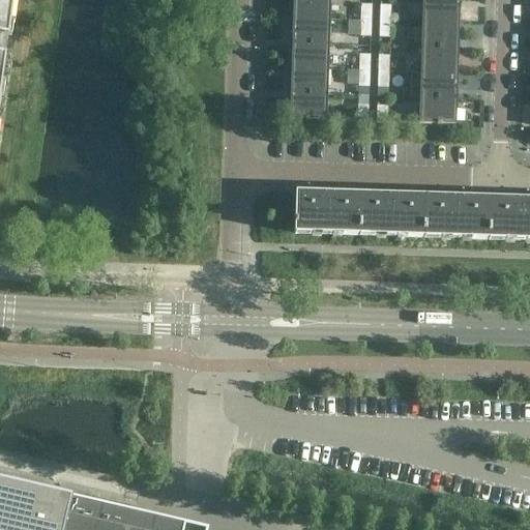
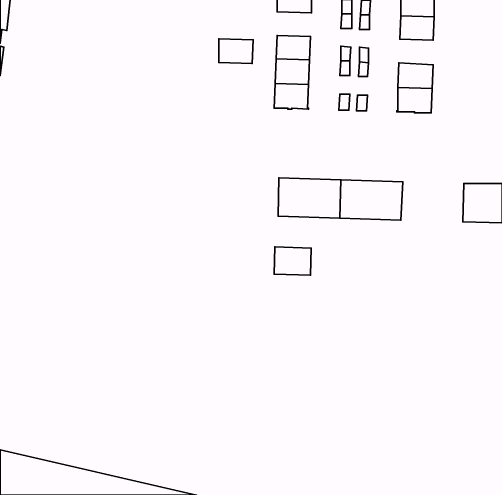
building: [292,12,328,38] -> [219,39,253,63]
building: [420,41,457,68] -> none
building: [422,192,489,234] -> none
building: none -> [274,247,311,275]

